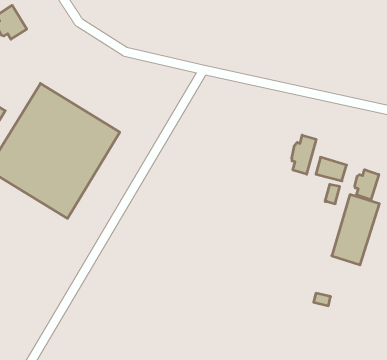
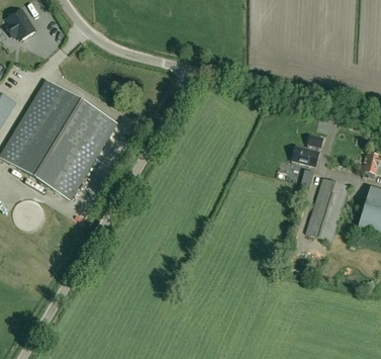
building: [292,135,316,174] -> none
building: [355,170,379,200] -> none

